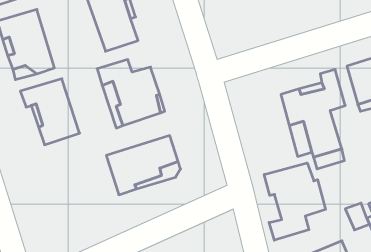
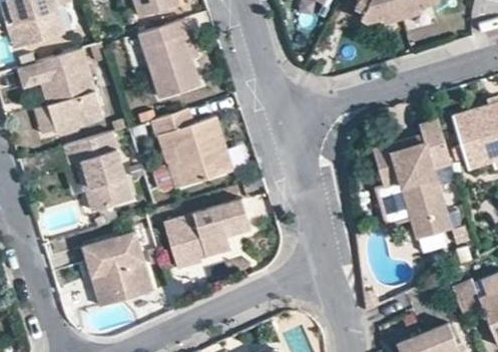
building: [264,163,326,240] -> none
building: none -> [83,232,153,305]

